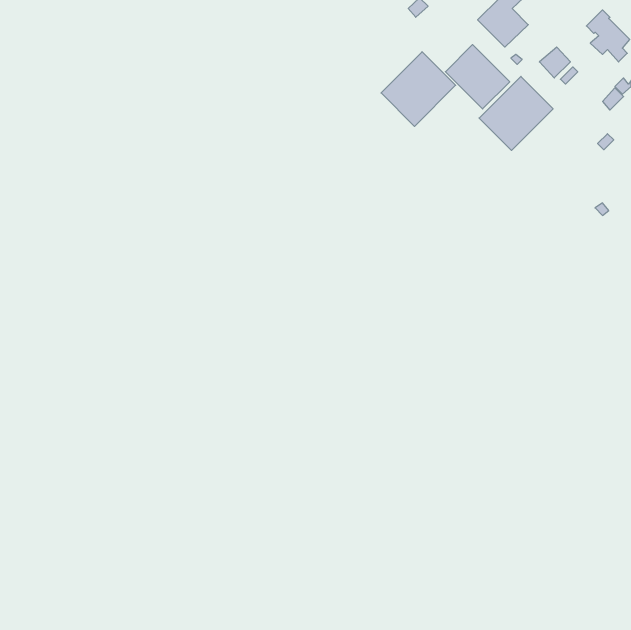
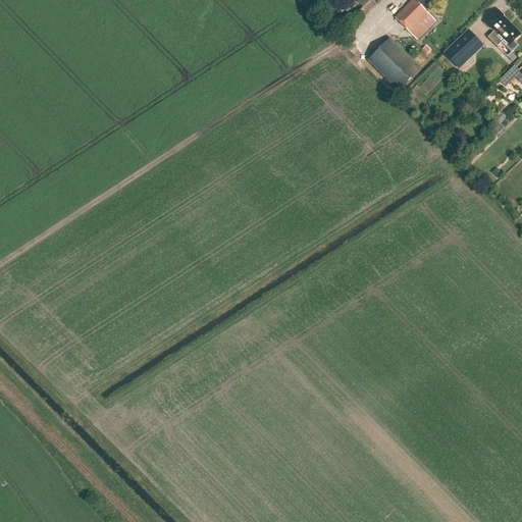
building: [381,52,456,126] -> none
building: [479,76,553,150] -> none

